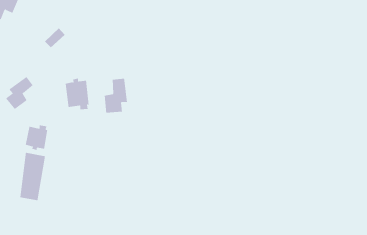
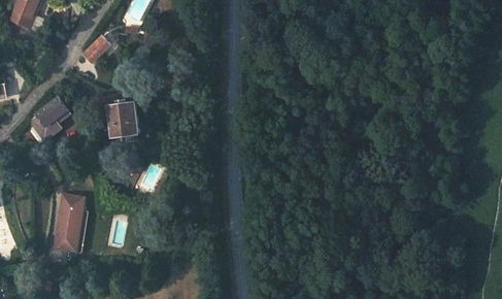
building: [104,78,127,113] -> none
building: [25,125,48,151] -> none

